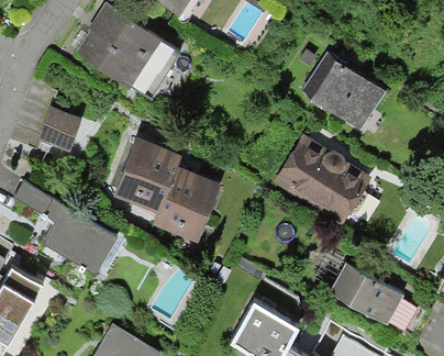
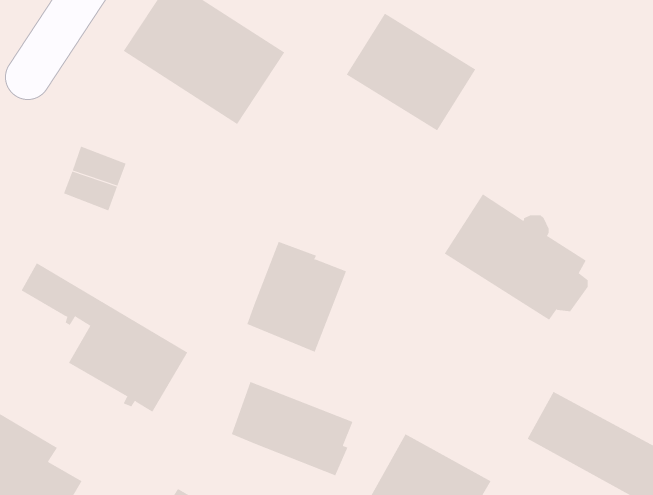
building: [303,56,385,130] -> [346,13,476,131]
building: [116,142,180,209] -> none
building: none -> [231,381,353,476]

